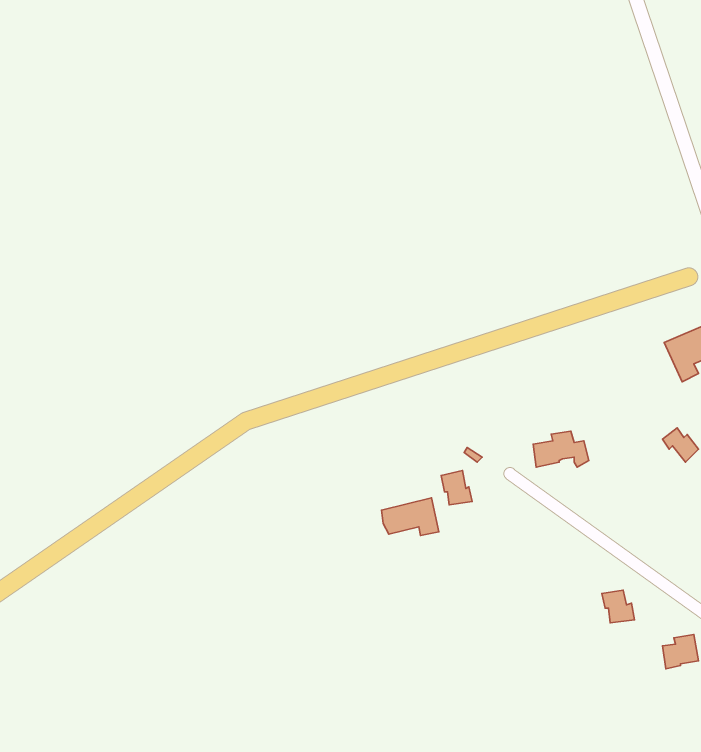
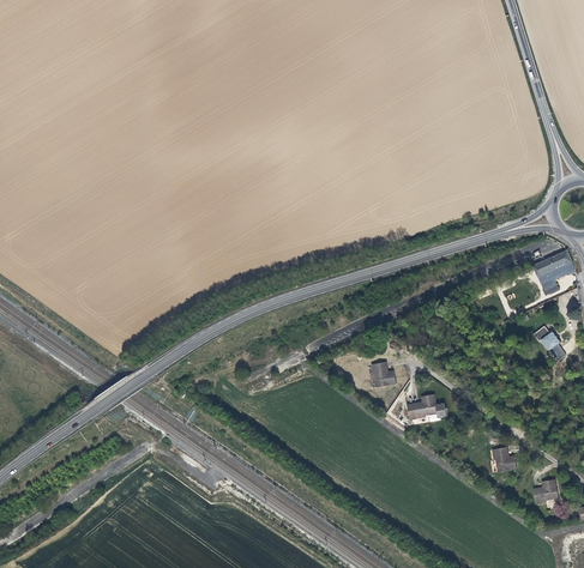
building: [533,431,589,467] -> [407,394,447,421]
building: [382,498,439,535] -> none

